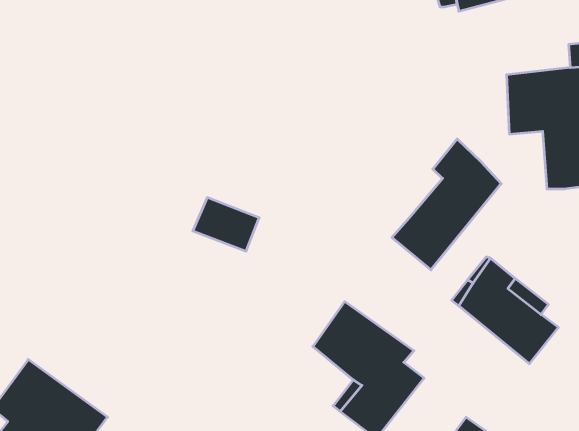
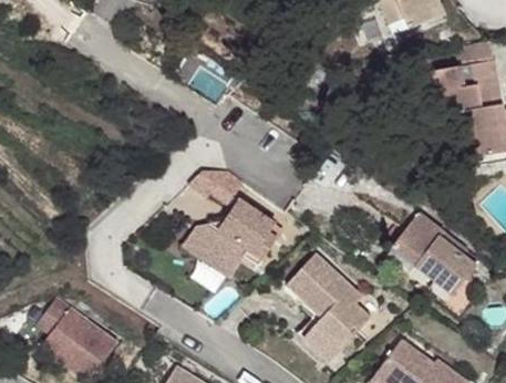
building: [392,139,501,270] -> none
building: none -> [182,199,283,279]

